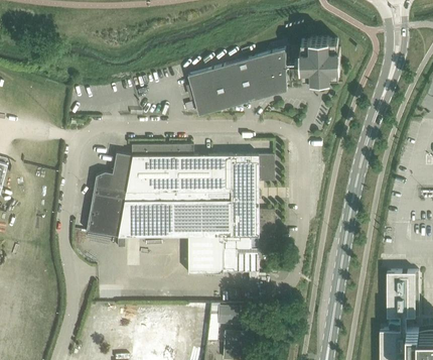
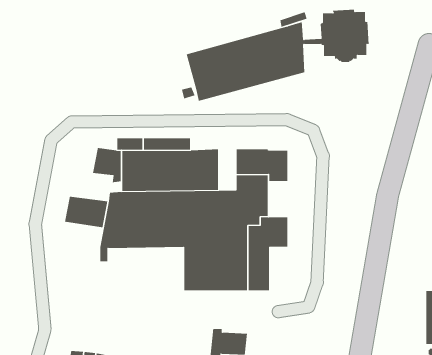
building: [215,154,230,189] -> none
building: [92,173,135,198] -> none
building: [85,215,120,236] -> none

